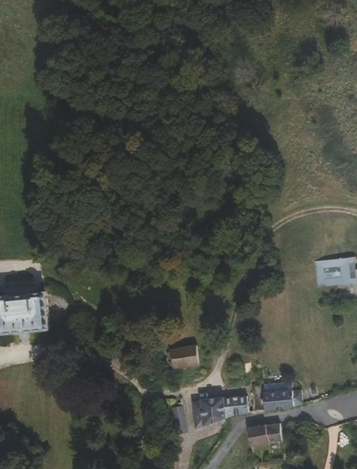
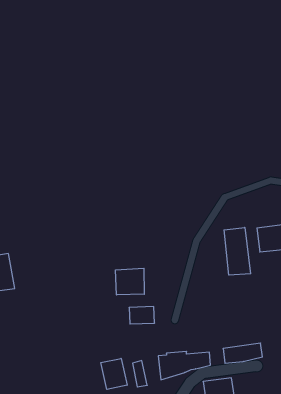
building: none -> [224,227,251,275]
building: none -> [116,268,144,295]
building: none -> [101,358,127,389]

